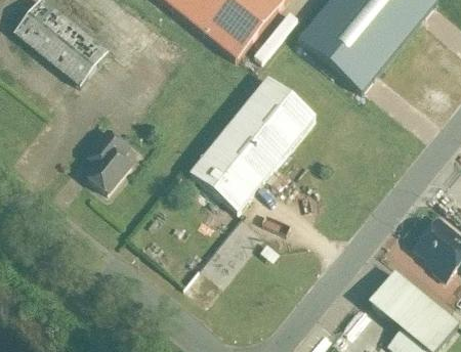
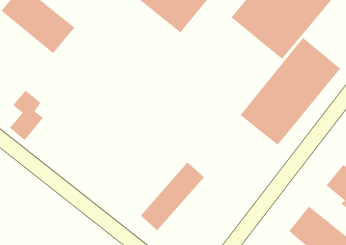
building: [191,77,316,211] -> [240,37,341,146]
building: [88,128,131,191] -> [9,90,44,141]

